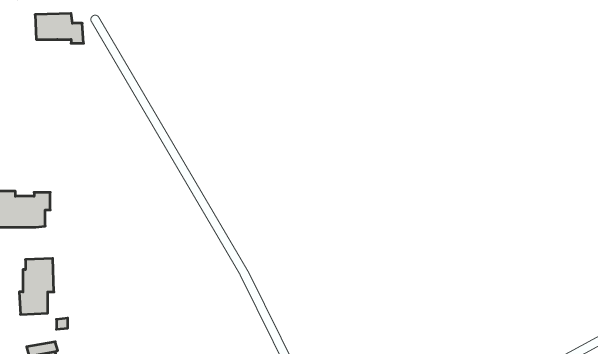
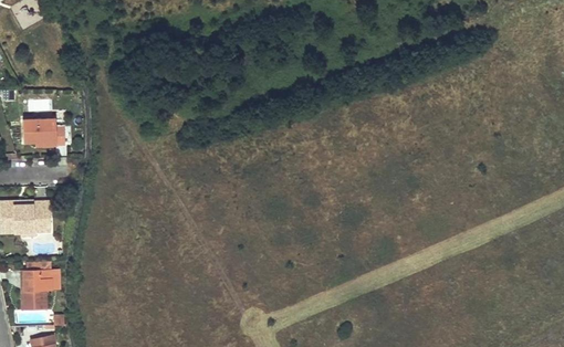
building: [35,13,84,43] -> [23,118,66,145]

